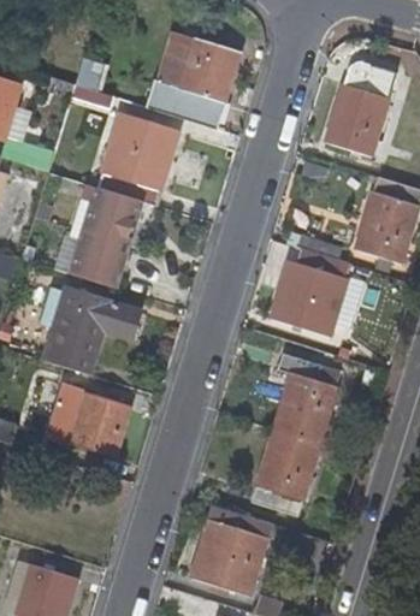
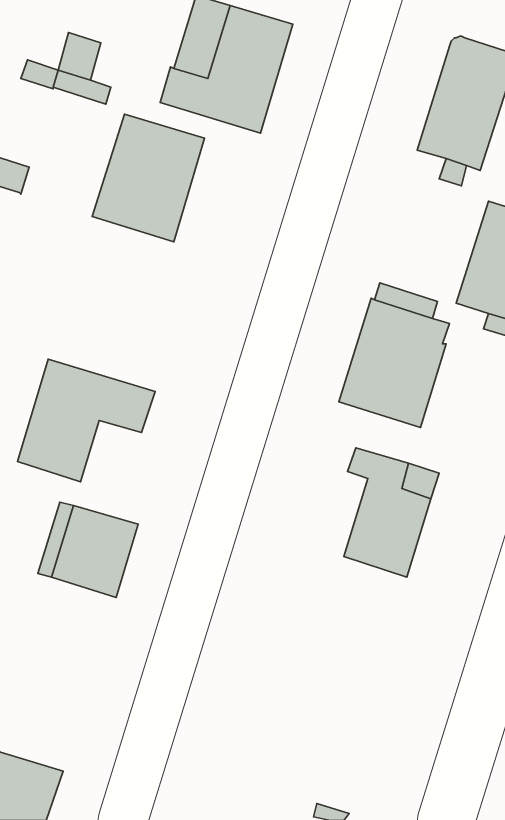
building: [66,197,137,286] -> none
building: [250,427,319,515] -> none
building: [191,504,271,594] -> none

